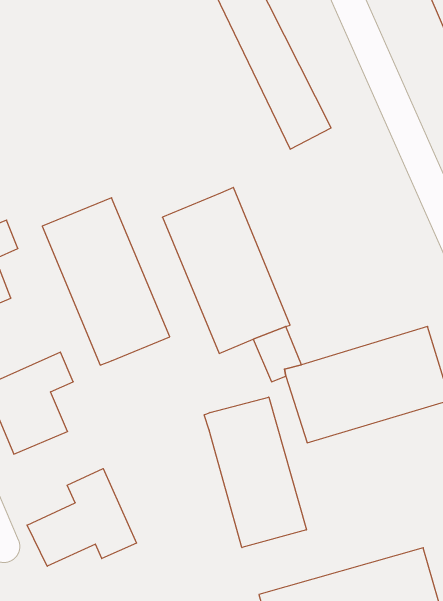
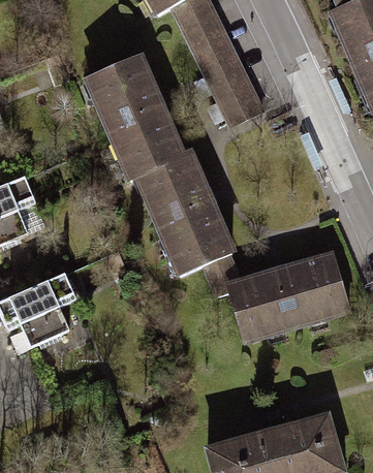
building: [42,198,170,365] -> [88,56,181,178]
building: [204,397,306,548] -> none
building: [27,469,137,566] -> none

